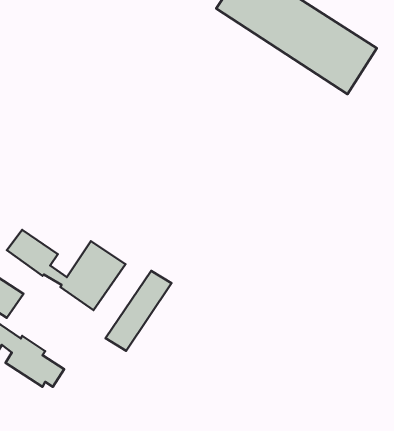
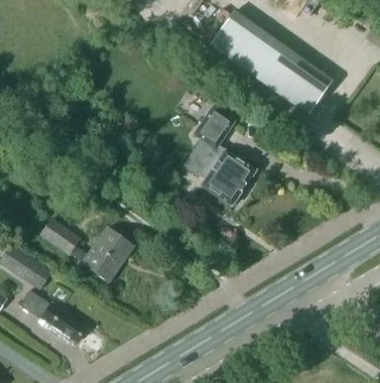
building: none -> [185,108,256,208]
building: [106,271,172,351] -> none

